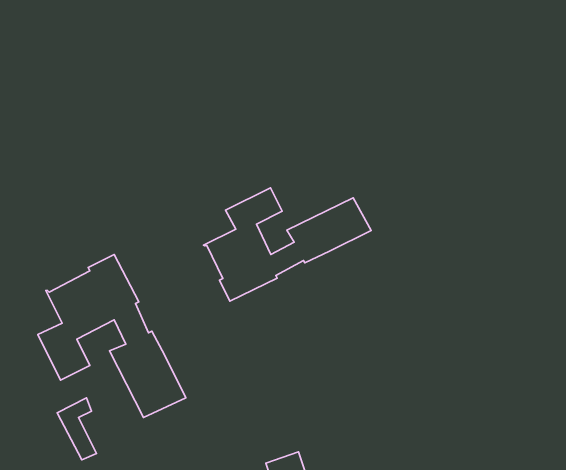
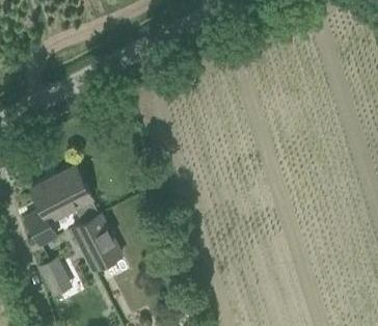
building: [204,188,371,301] -> none

